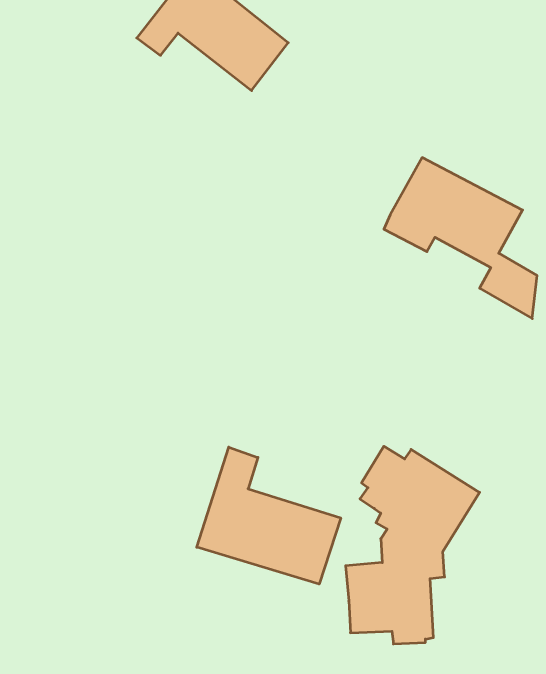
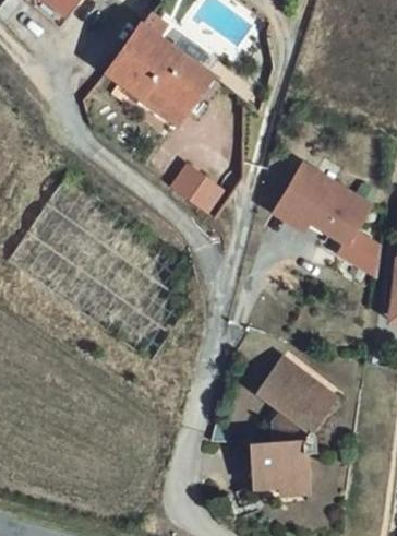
building: none -> [168,169,219,217]
building: [197,447,341,584] -> none

